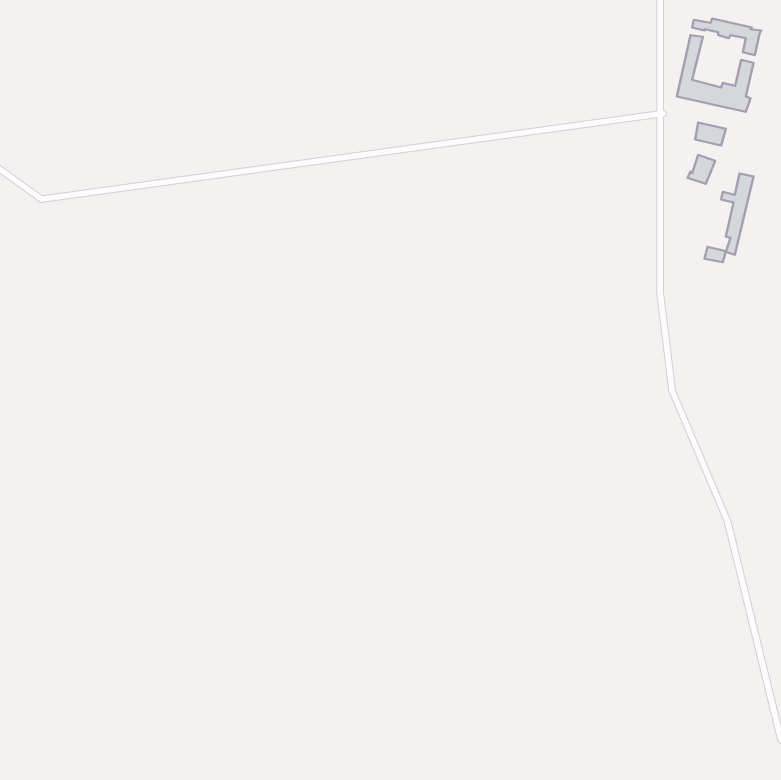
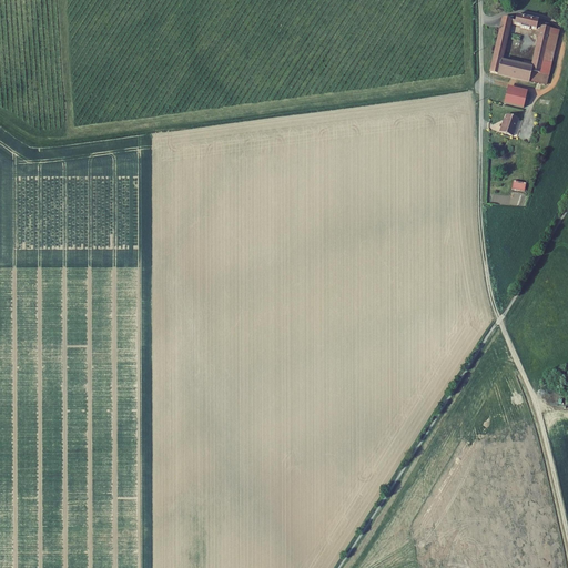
building: [721,174,753,255] -> [537,24,560,83]

